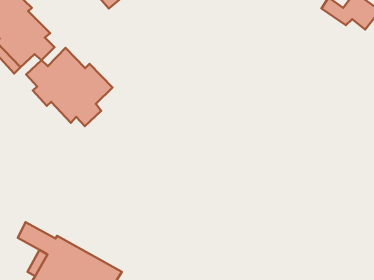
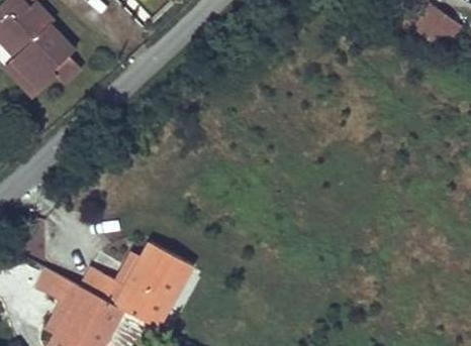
building: [26,48,112,126] -> none
building: none -> [83,243,190,325]

